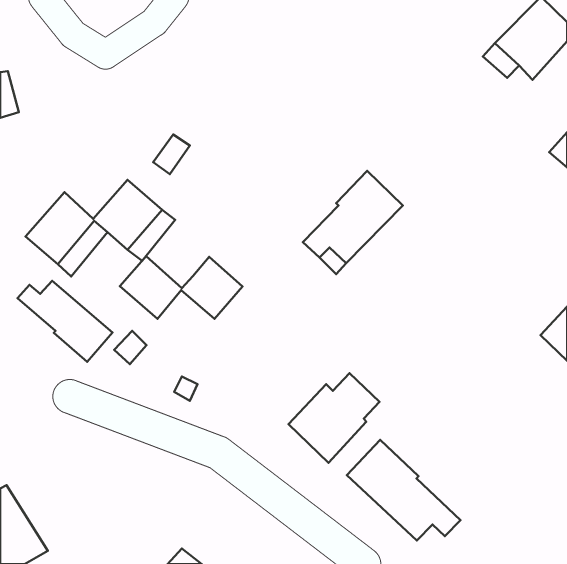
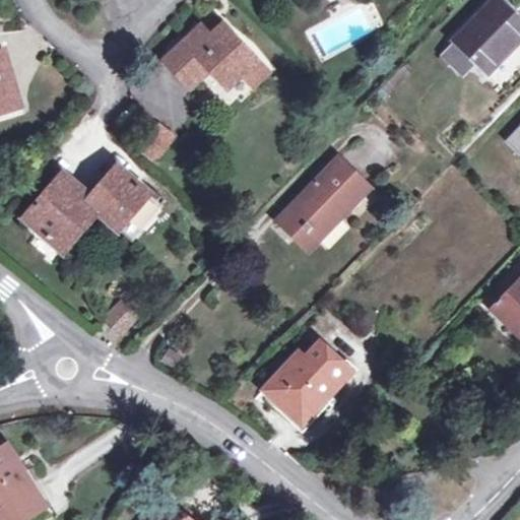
building: none -> [166,15,268,87]
building: [120,256,243,319] -> none
building: [18,281,112,362] -> none
building: [347,440,461,541] -> none

